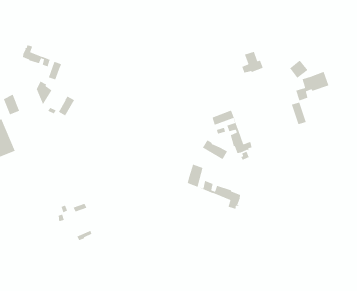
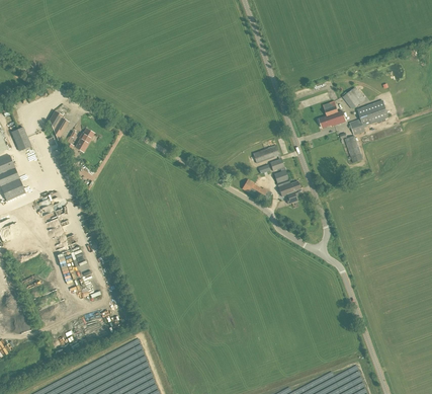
building: [22,44,62,81] -> none
building: [241,51,264,74] -> [319,100,345,127]
building: [187,164,241,210] -> none

